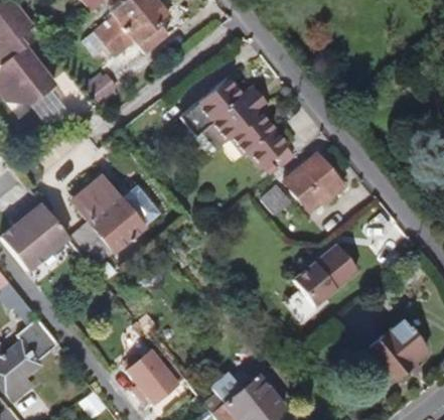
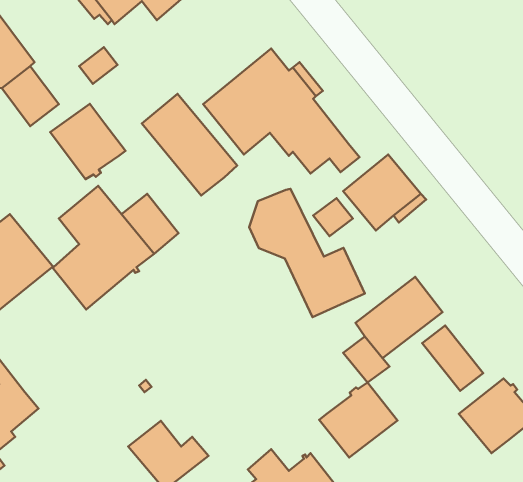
building: none -> [142,94,237,195]
building: none -> [50,104,125,179]
building: none -> [249,189,365,317]
building: none -> [422,325,483,391]
building: none -> [319,383,398,457]

